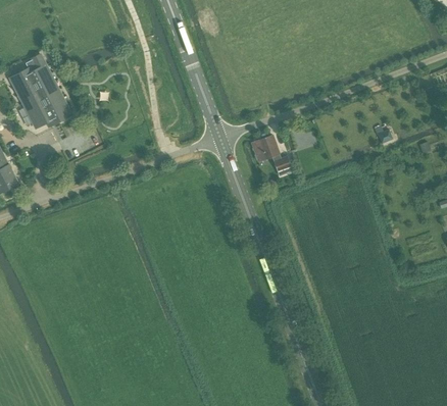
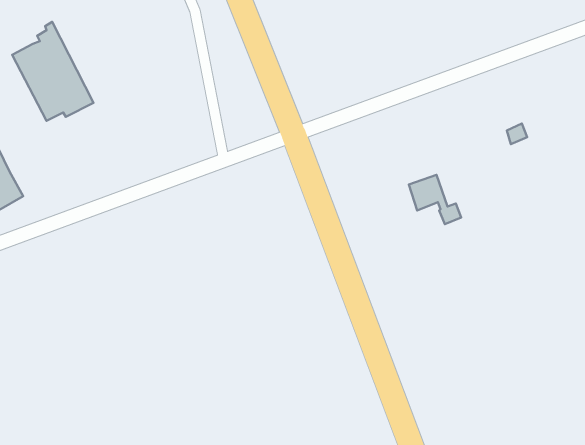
building: [252,135,291,171] -> [409,175,461,224]

